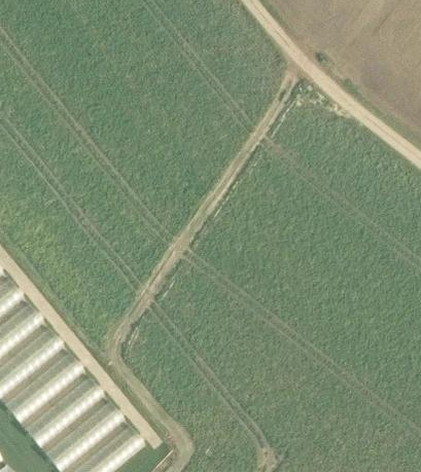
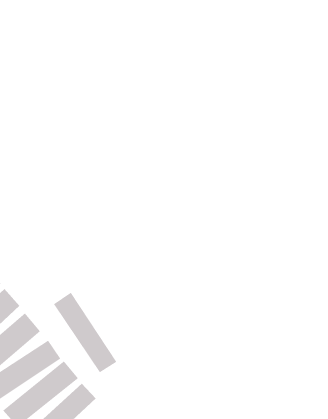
building: none -> [53,292,117,373]

